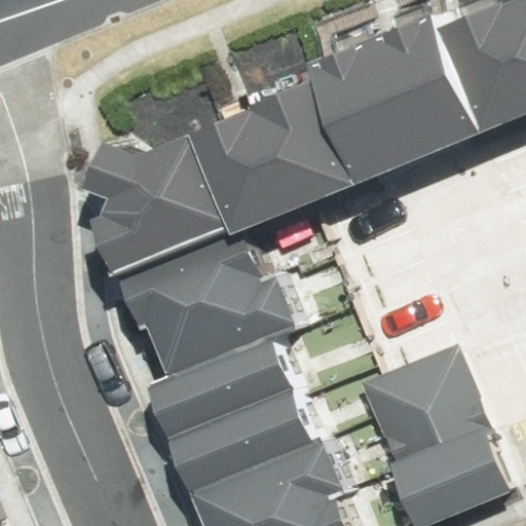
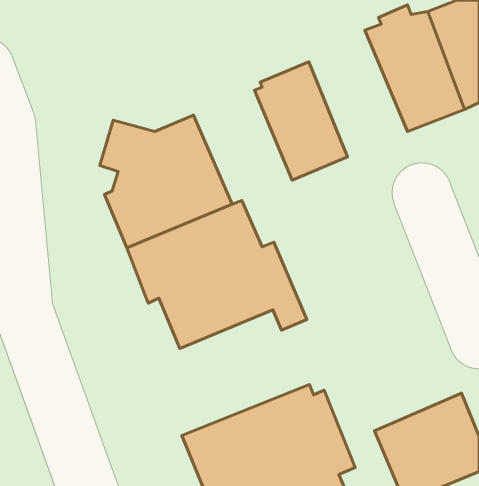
building: [325,41,433,176] -> none
building: [205,105,310,226] -> none
building: [165,338,329,472] -> none
building: [361,343,490,466] -> none

